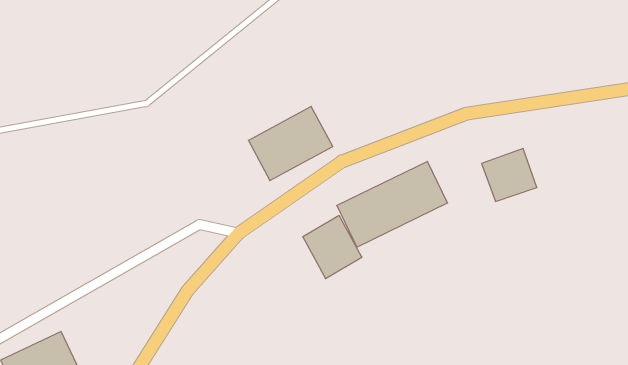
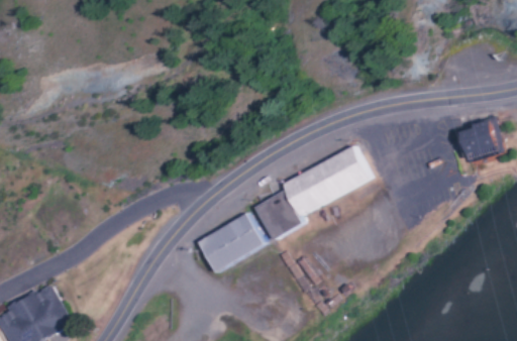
building: [248,106,333,181] -> [196,214,264,273]
building: [482,148,537,201] -> [457,120,502,162]

